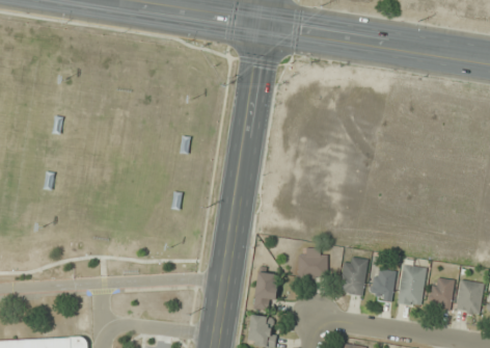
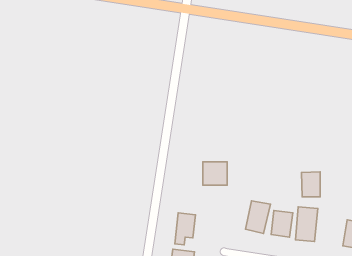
building: [297,249,326,277] -> [203,162,227,185]
building: [429,278,452,309] -> [301,172,320,197]

